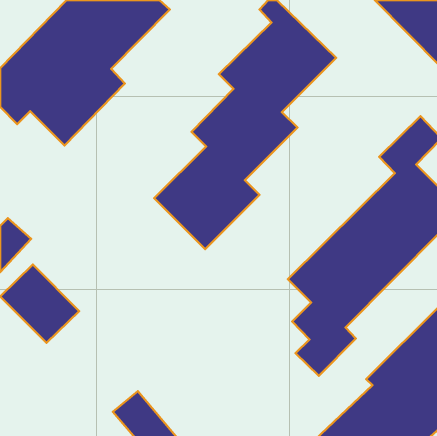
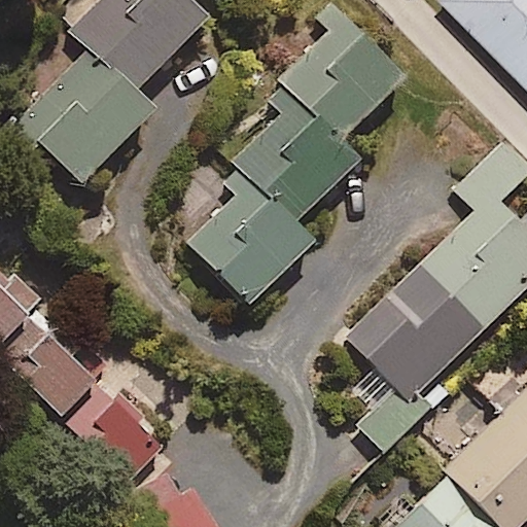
building: none -> [69,392,165,490]

